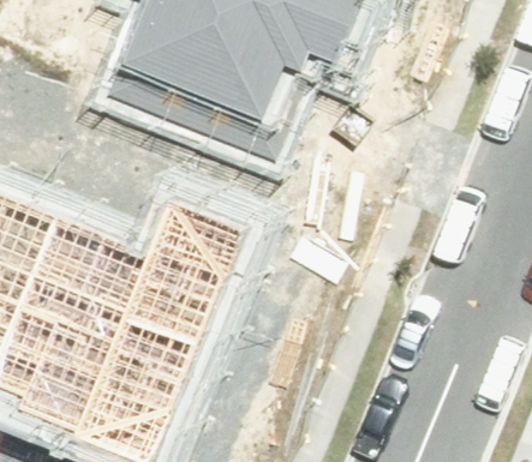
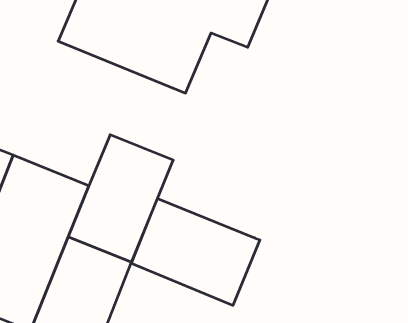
building: none -> [131,199,260,305]

